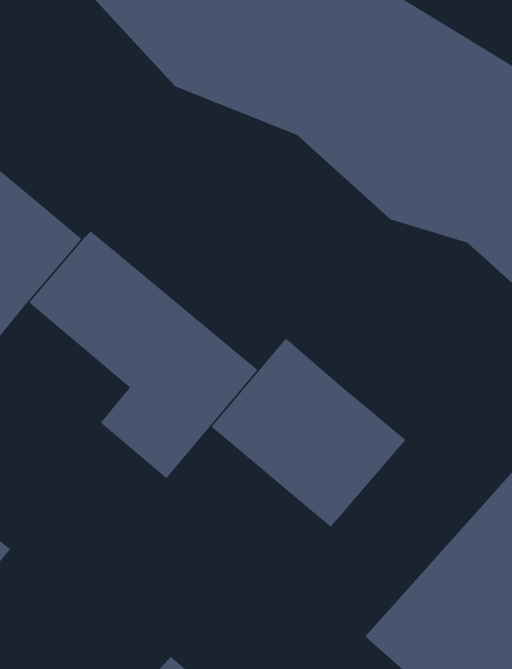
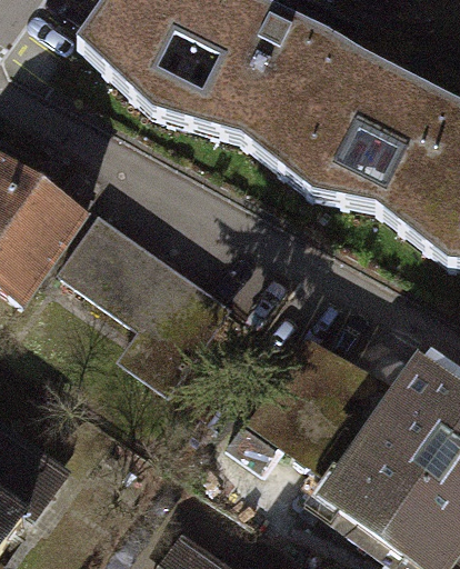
building: [211,337,407,528] -> none

